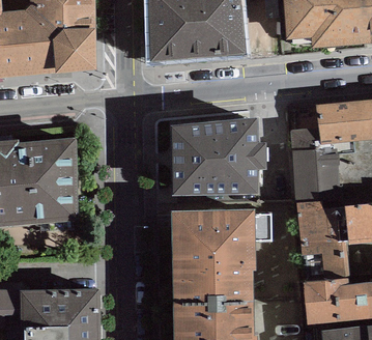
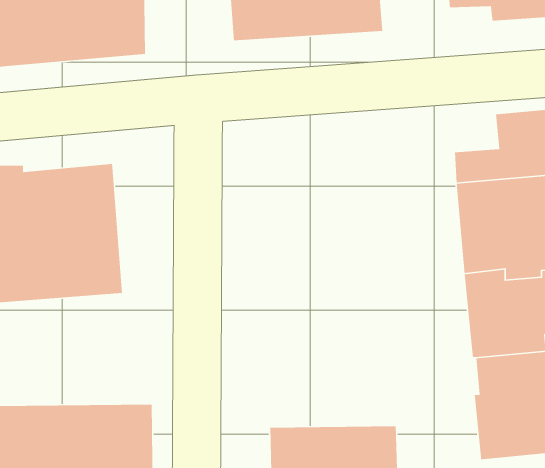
building: [170,117,265,196] -> none
building: [170,208,270,303] -> none

